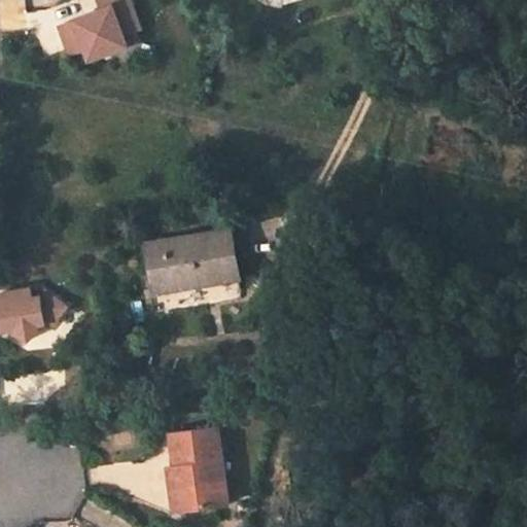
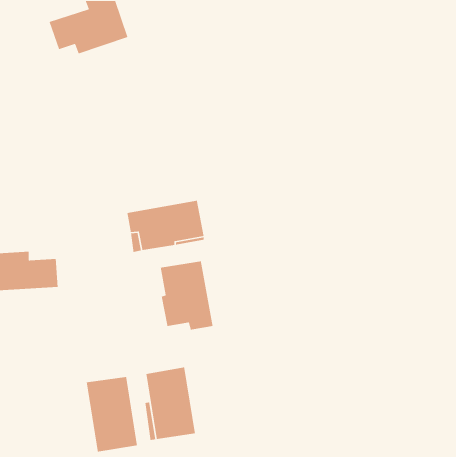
building: none -> [160,260,213,331]
building: none -> [86,376,138,452]

